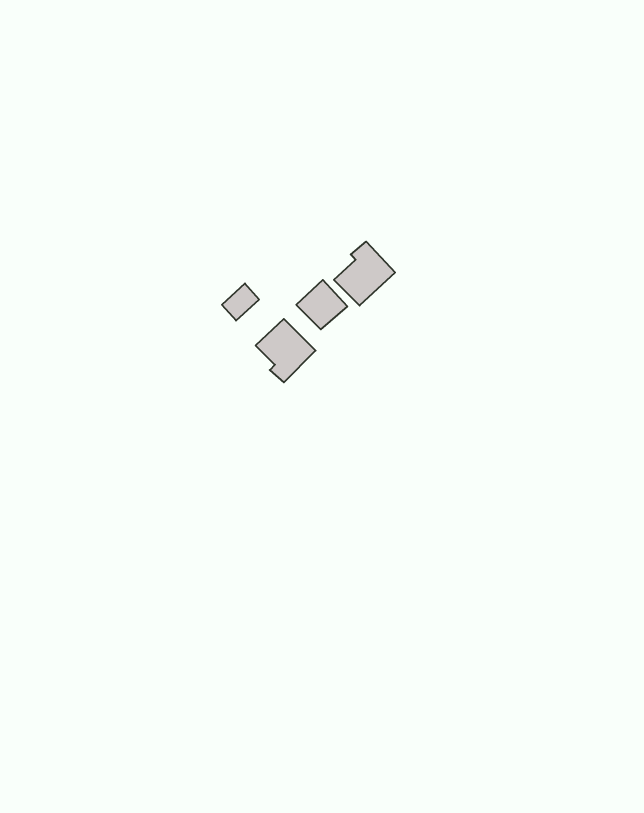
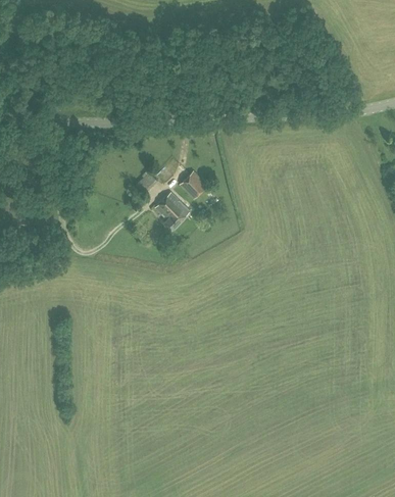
building: [334,242,395,306] -> none

